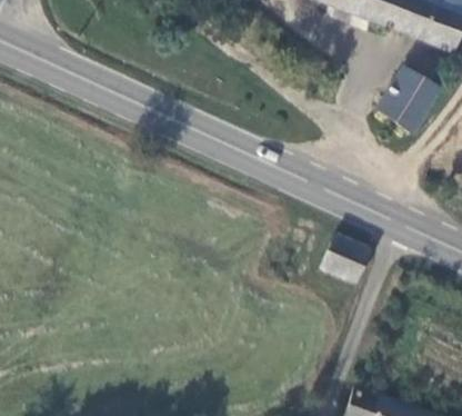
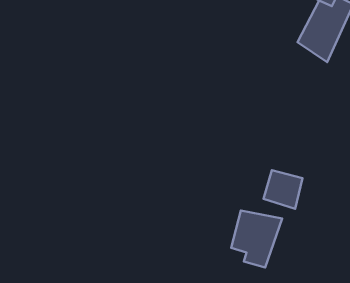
building: none -> [231,211,282,268]

